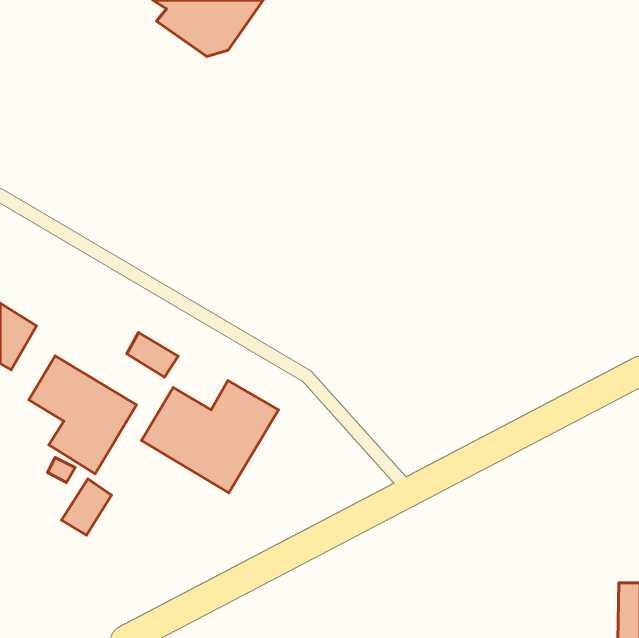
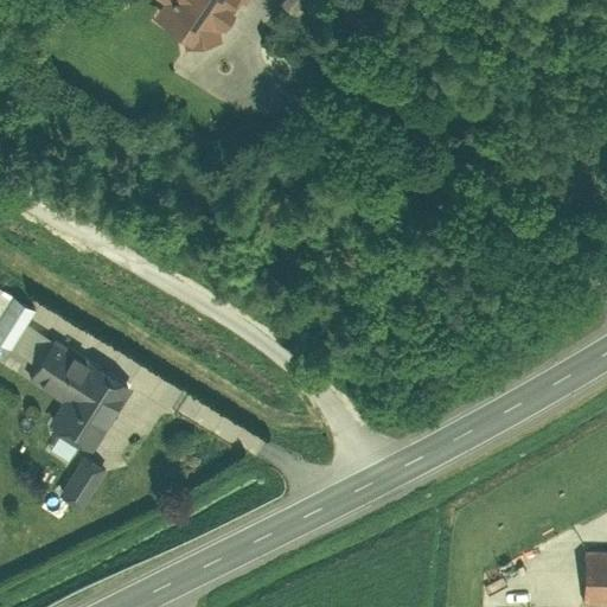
building: [127,333,178,377] -> none
building: [141,380,279,493] -> none

